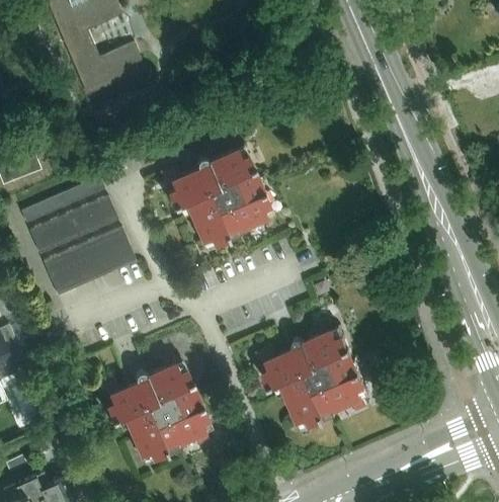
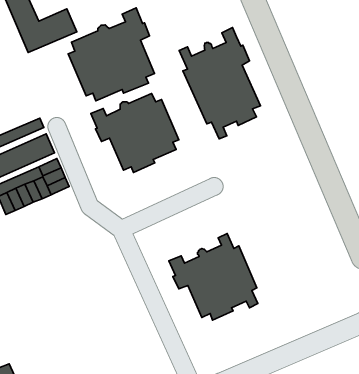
building: none -> [68,8,154,101]
building: none -> [179,27,260,139]
building: [100,354,210,459] -> none

